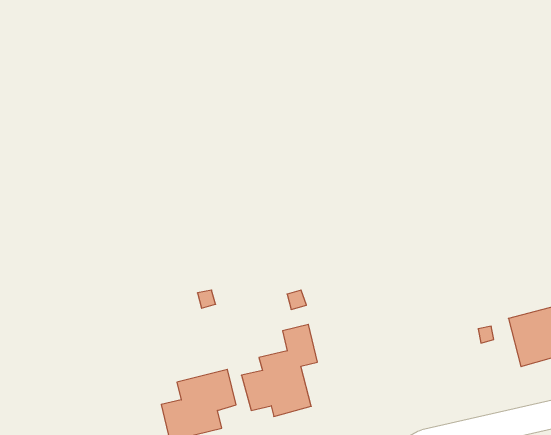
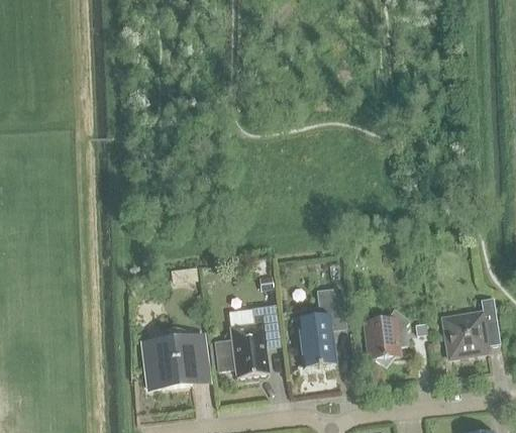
building: none -> [300,288,345,366]
building: none -> [364,309,409,362]

